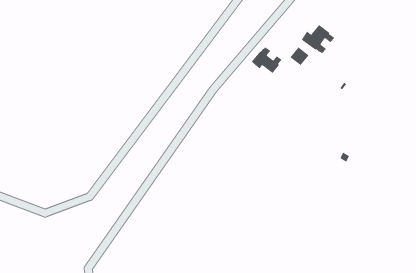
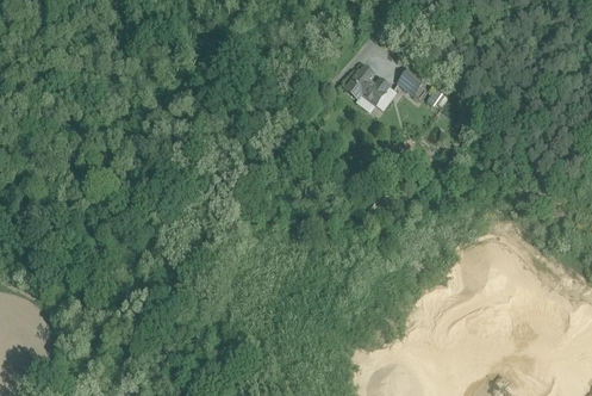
building: [301,24,335,54] -> none

